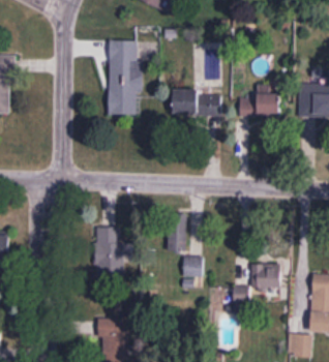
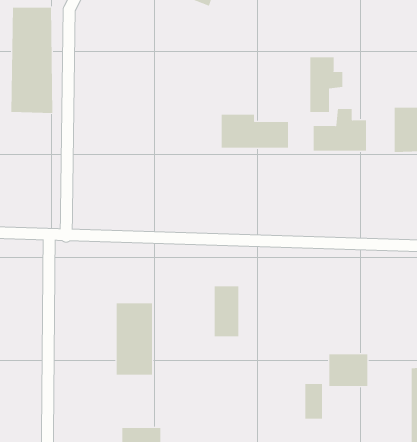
building: [103,37,134,115] -> [11,7,53,114]
building: none -> [310,56,343,113]
building: [185,258,205,279] -> none

